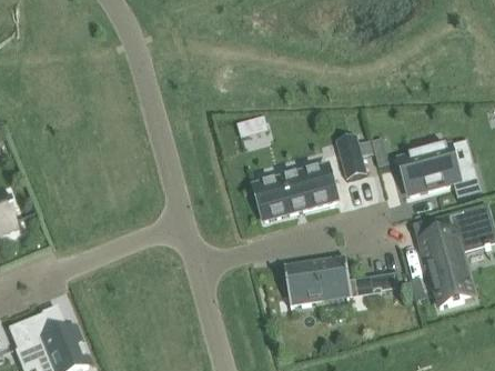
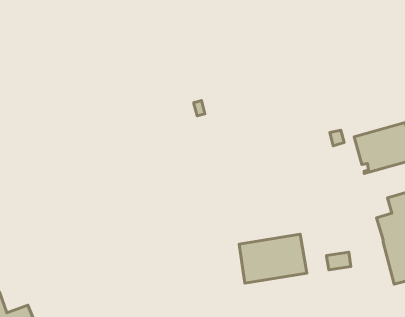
building: [339,143,366,179] -> none
building: [254,166,336,220] -> none

